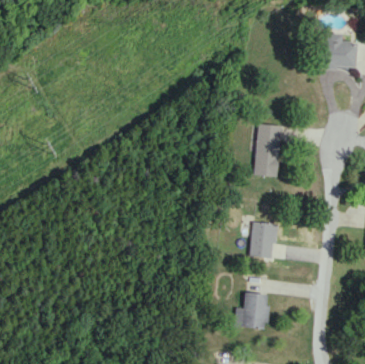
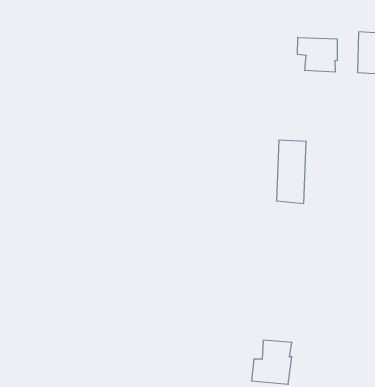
building: none -> [297,37,337,72]
building: [251,222,278,259] -> none

